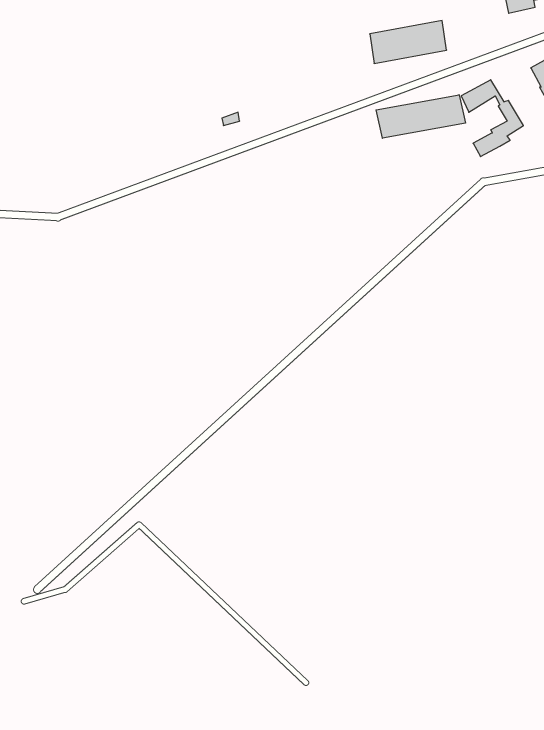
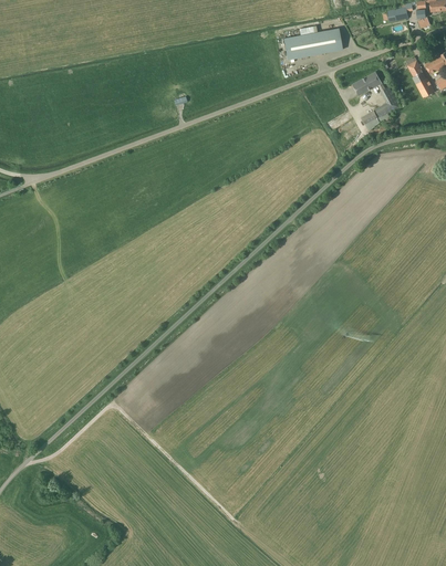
building: [376,95,465,138] -> none

